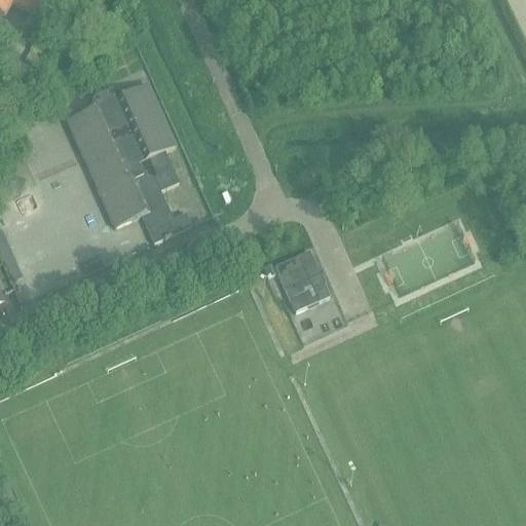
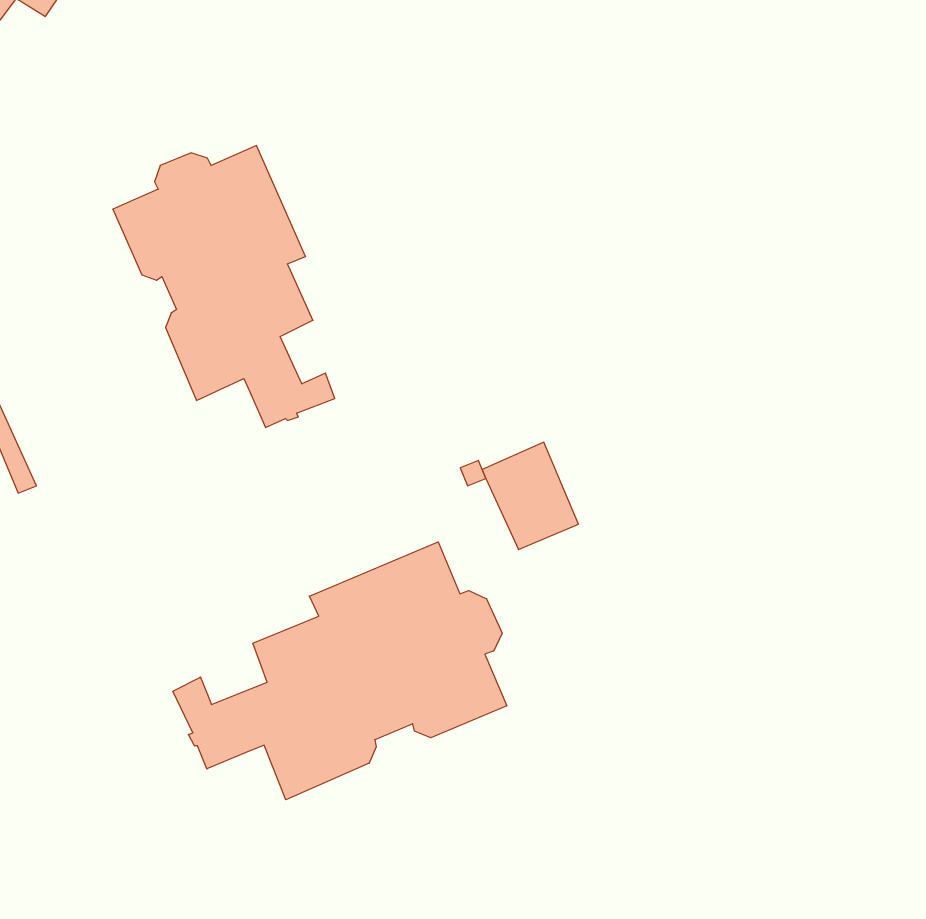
building: none -> [173,542,507,800]

